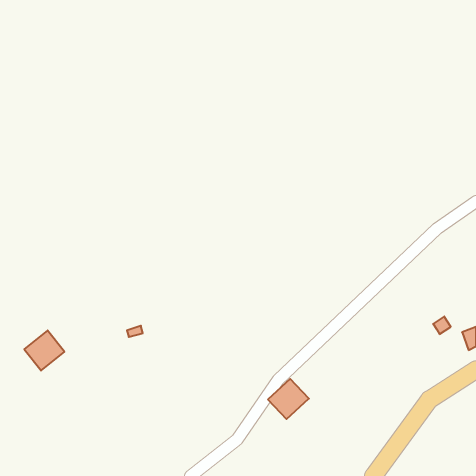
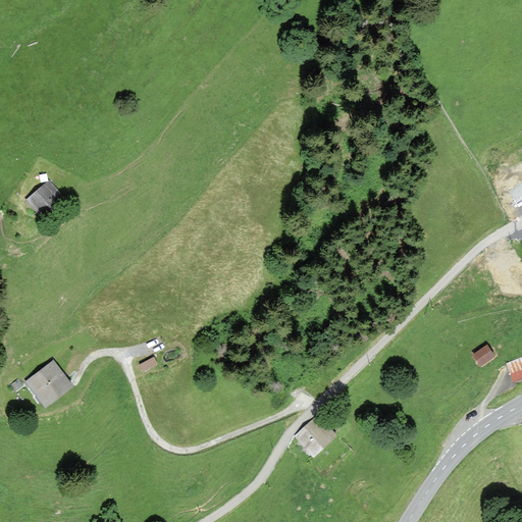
building: none -> [27,180,63,216]

